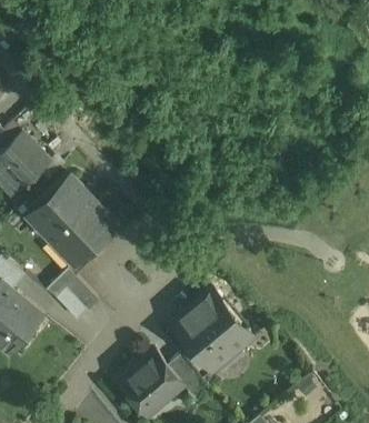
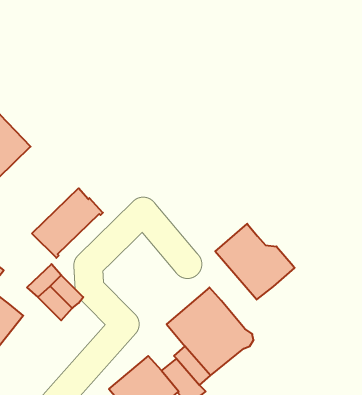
building: [29,177,92,240] -> none
building: none -> [215,224,295,300]

